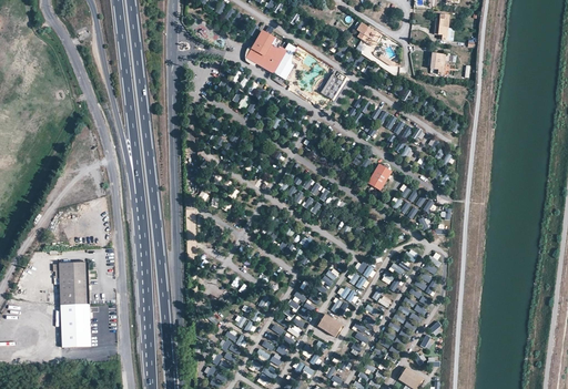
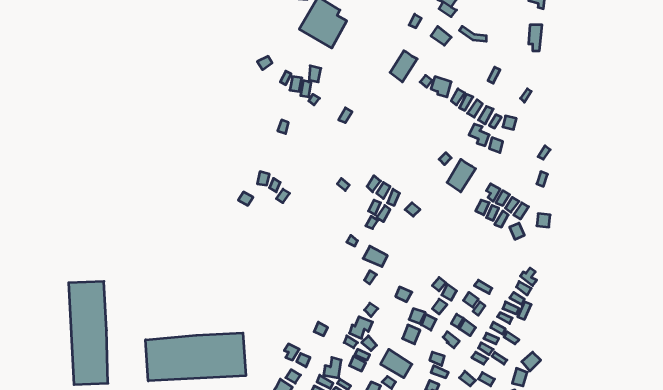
building: none -> [146,333,246,381]

